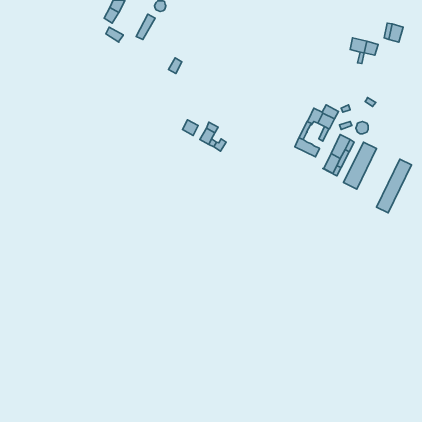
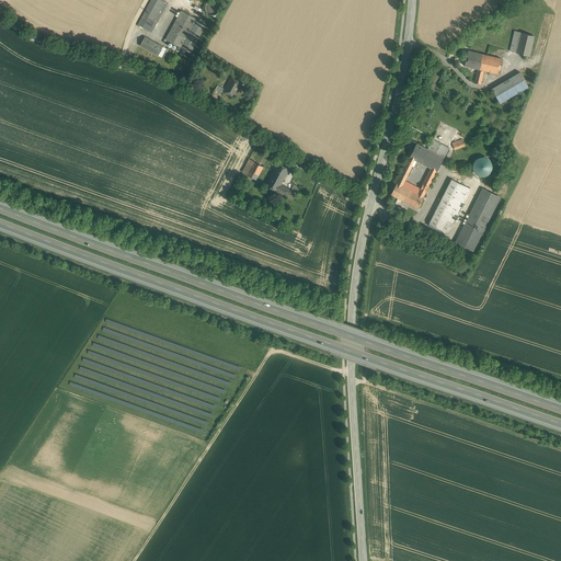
building: none -> [165,10,196,48]
building: none -> [492,72,528,103]
building: [376,159,412,213] -> none

